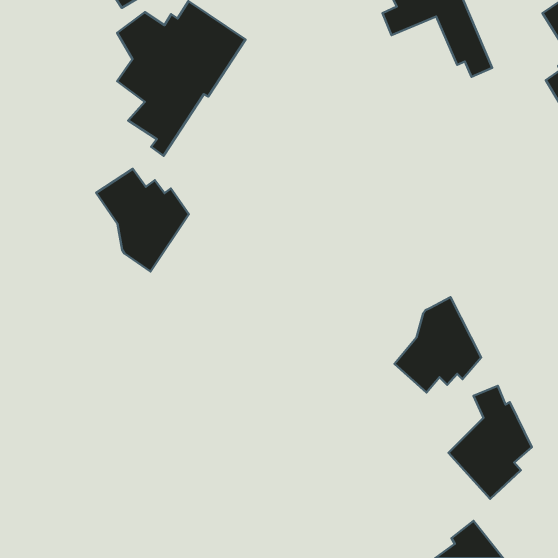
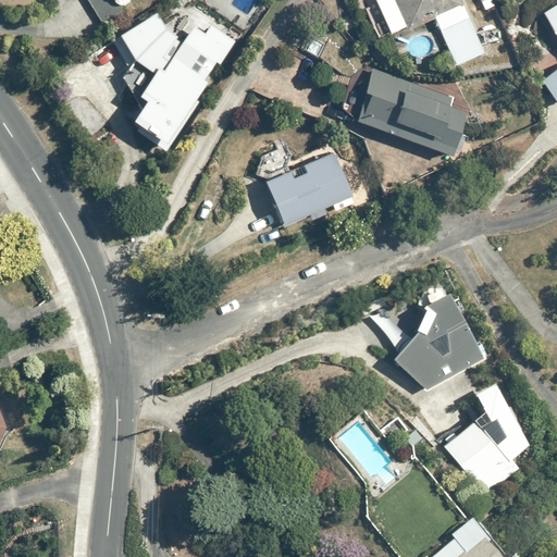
building: none -> [357,72,470,150]
building: none -> [265,147,352,225]
building: [96,169,189,271] -> none

